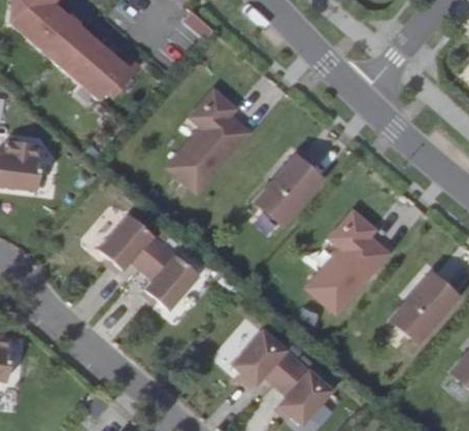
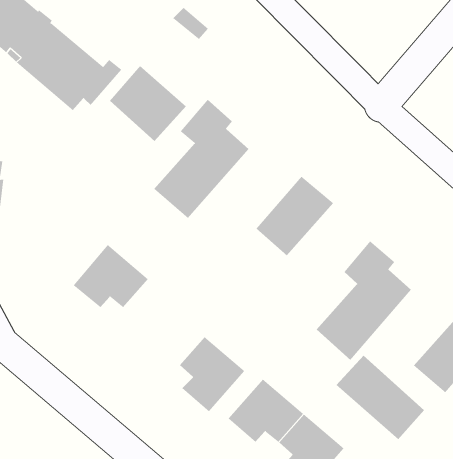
building: none -> [109,65,187,142]
building: [142,244,199,309] -> [179,336,245,412]
building: none -> [336,355,425,440]

